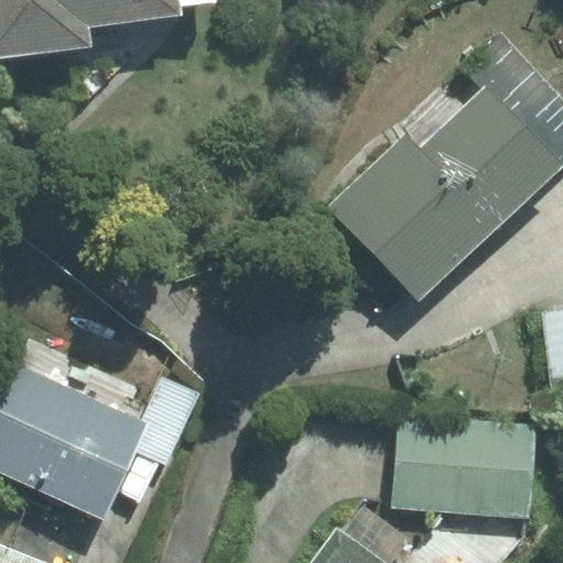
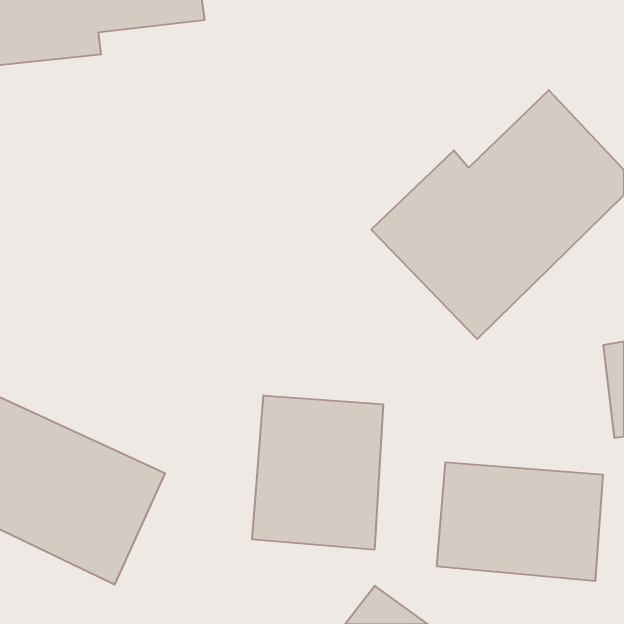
building: none -> [252,395,383,550]

